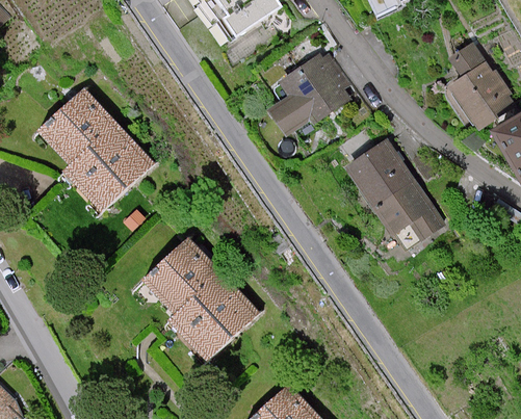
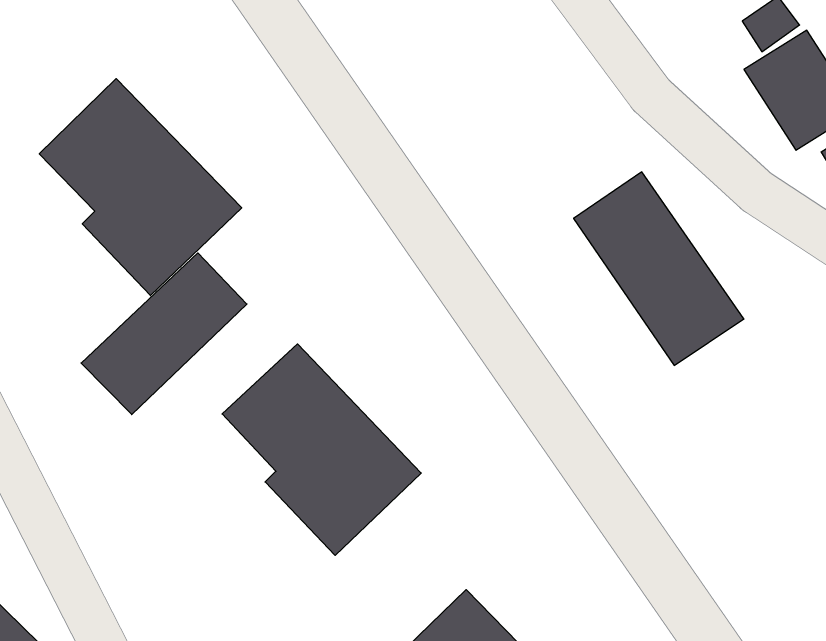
building: [268,53,347,134] -> none
building: none -> [81,253,247,415]

